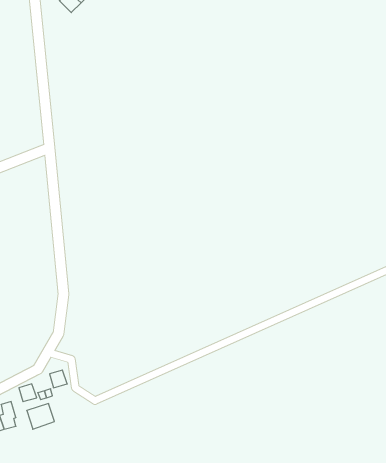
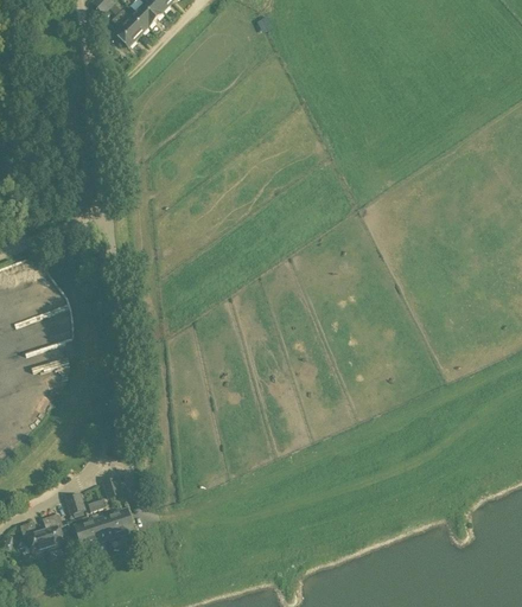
building: none -> [100,507,133,537]

